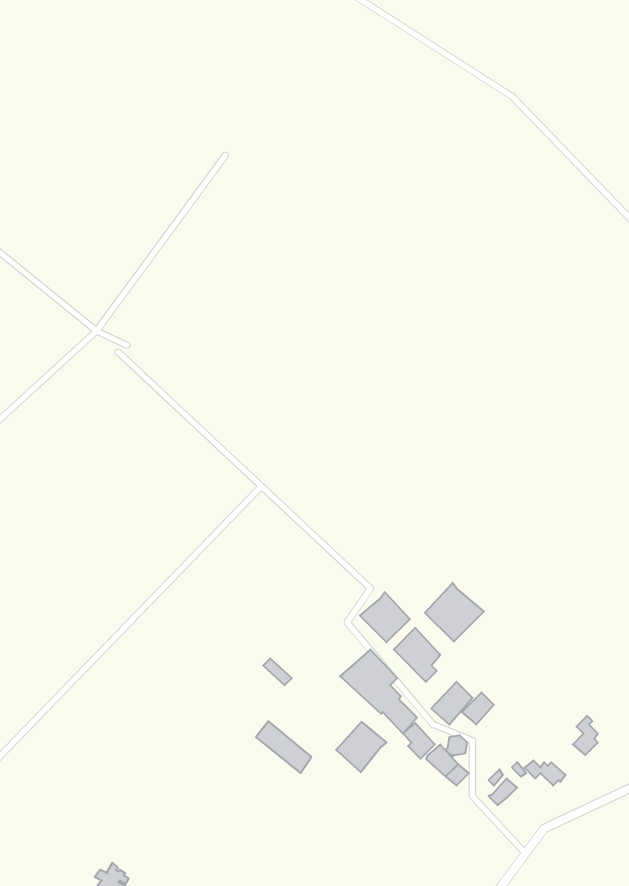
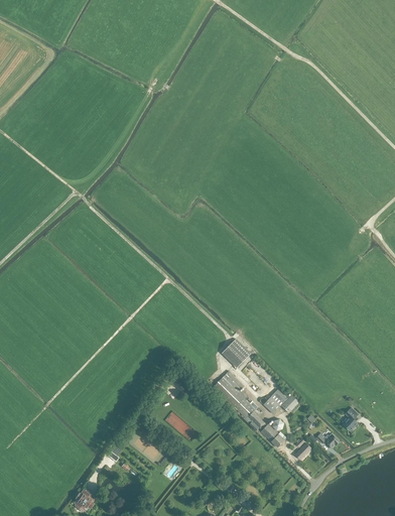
building: [425,583,484,642] -> none
building: [336,722,386,772] -> none

